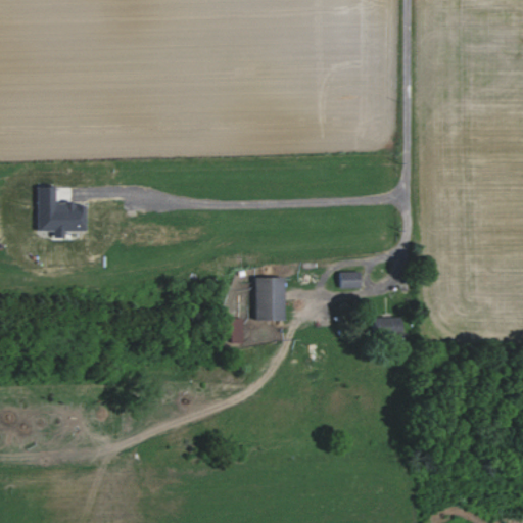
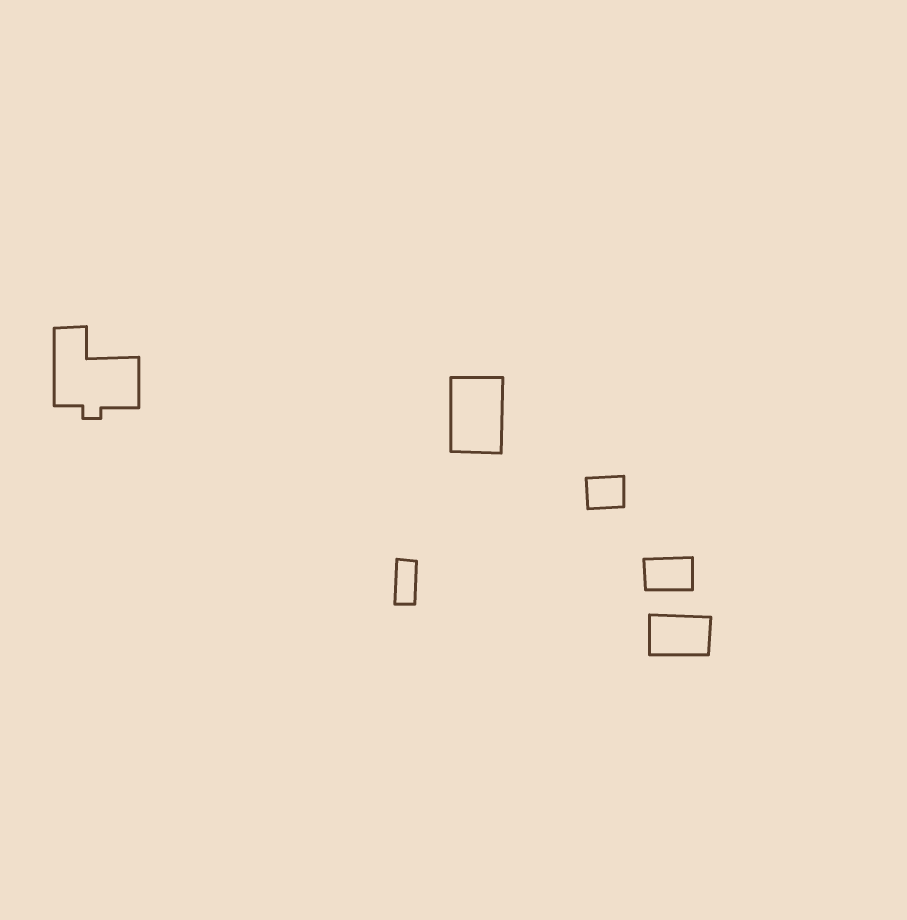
building: [255,278,285,321] -> [451,378,503,453]
building: none -> [650,615,711,655]

